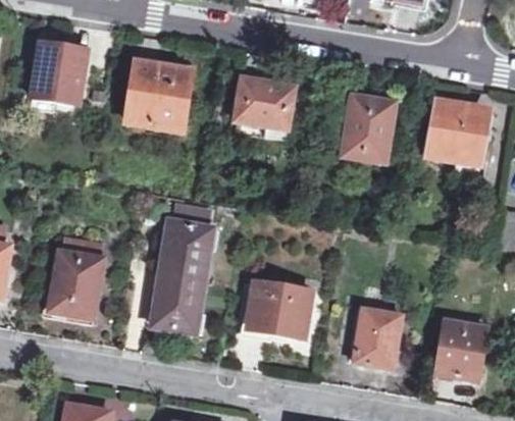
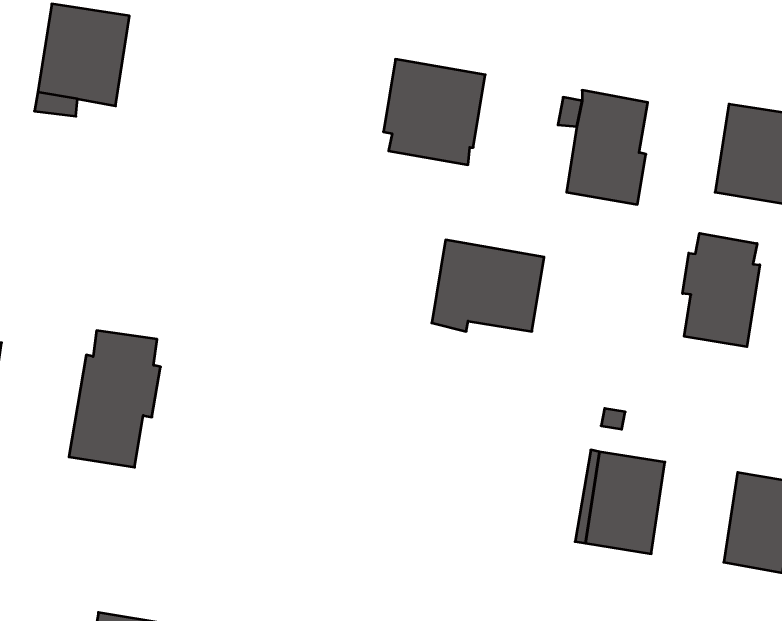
building: [127,62,192,128] -> none
building: none -> [683,233,760,347]
building: [156,204,212,332] -> none
building: [246,281,312,335] -> [432,240,544,331]

